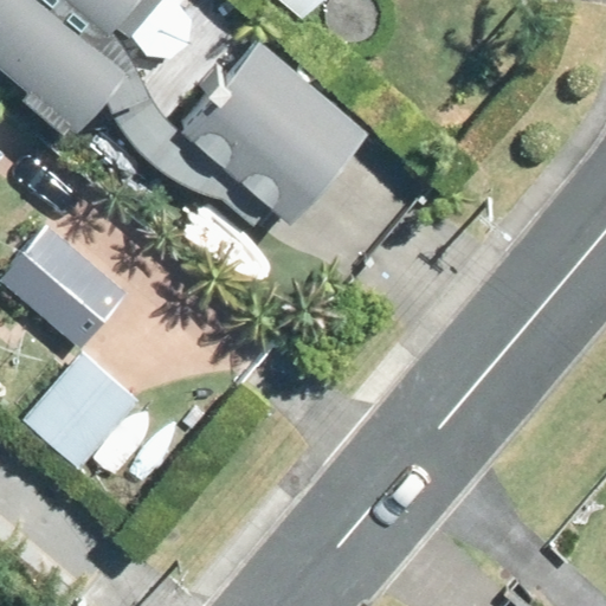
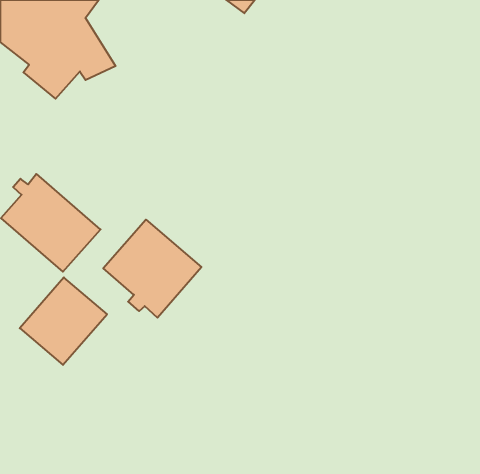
building: [180,40,367,221] -> none
building: none -> [103,220,201,318]

